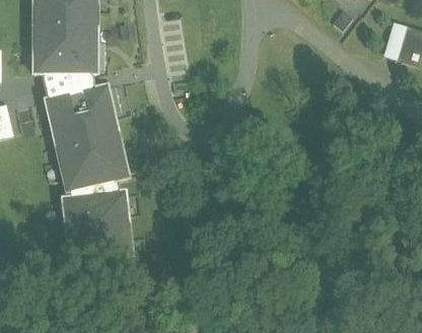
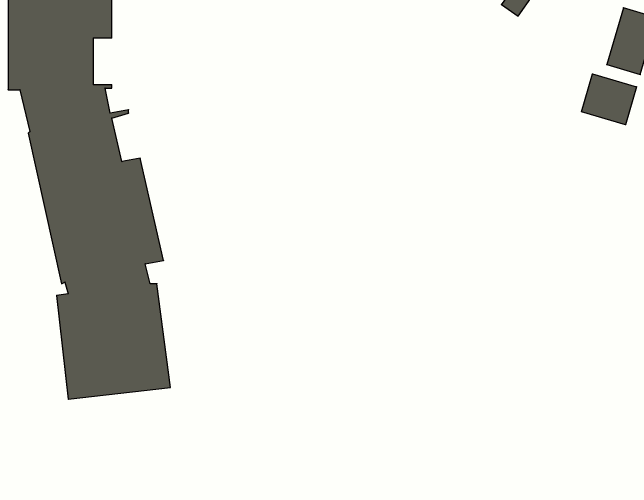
building: none -> [581,74,637,125]

